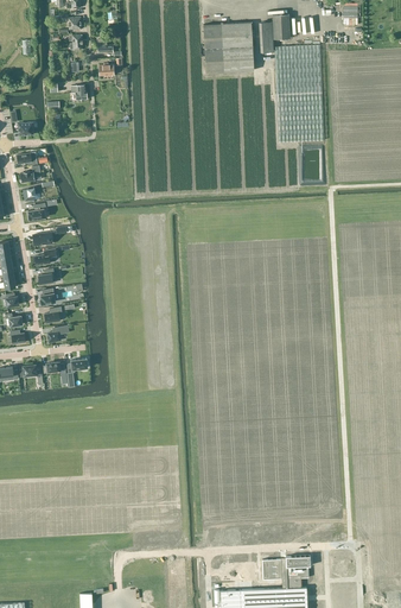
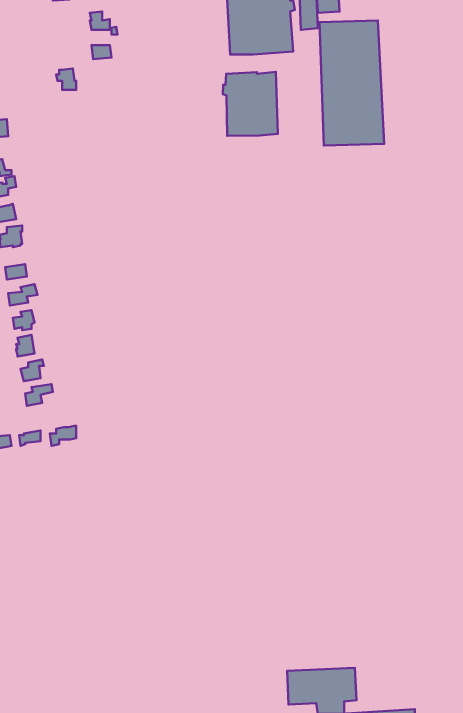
building: none -> [223,72,278,136]

